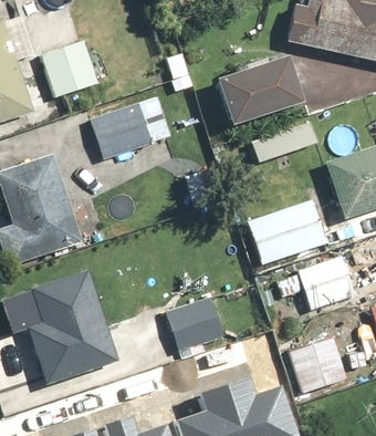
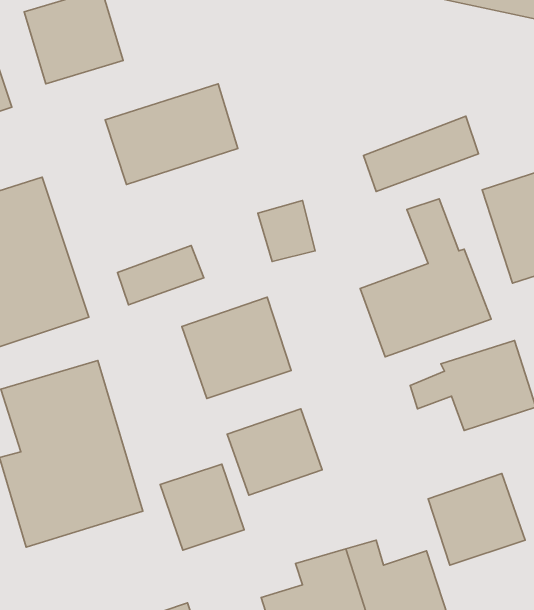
building: [210,56,297,127] -> none
building: none -> [182,297,291,399]
building: none -> [160,464,244,550]

